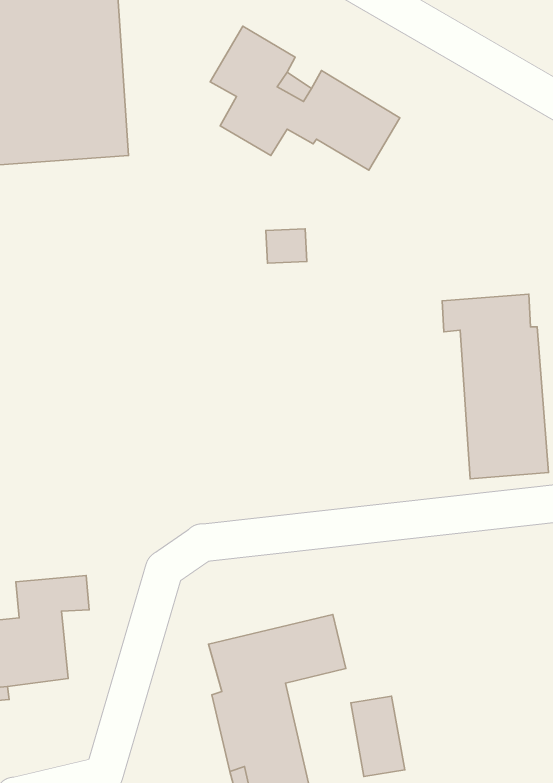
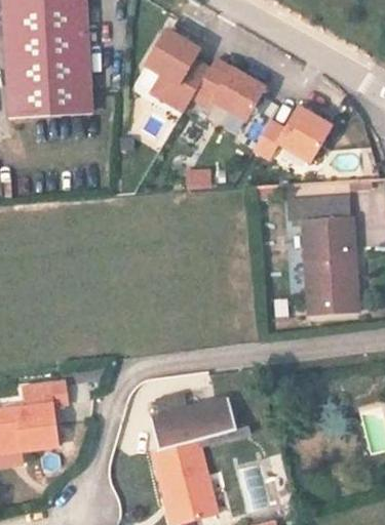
building: none -> [255,108,332,162]

